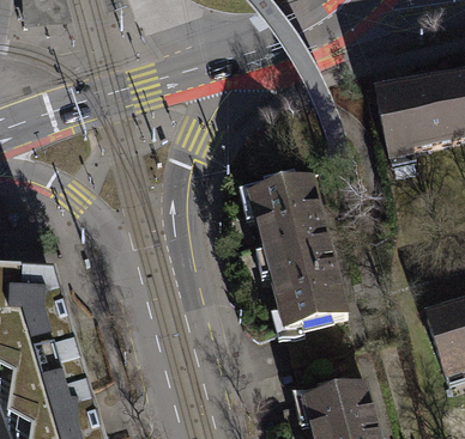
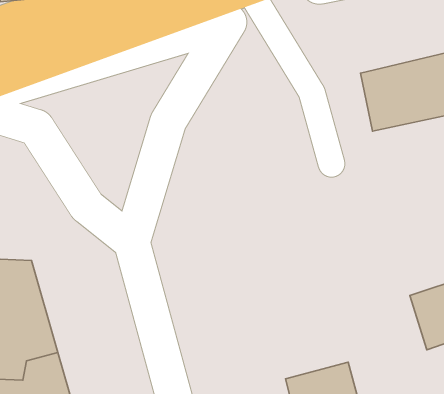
building: [244,175,342,324] -> none

